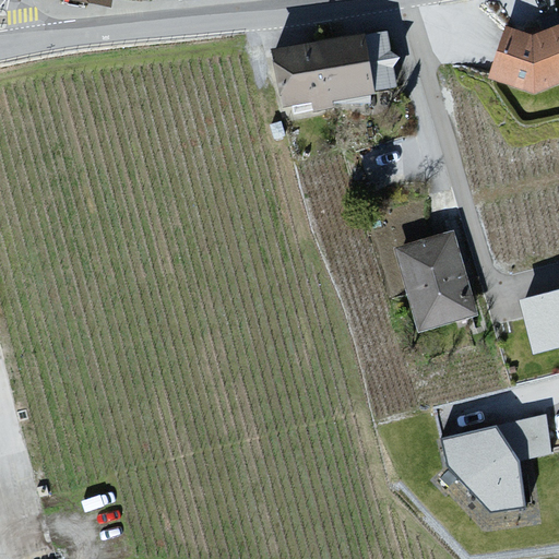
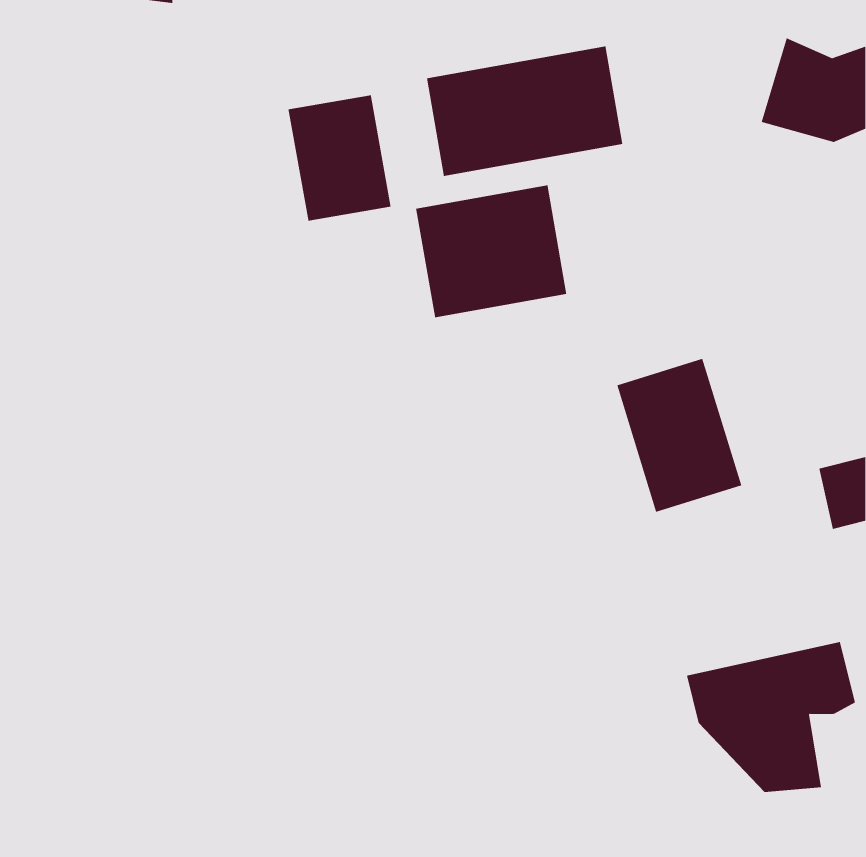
building: none -> [288,94,391,222]
building: none -> [416,185,567,318]

